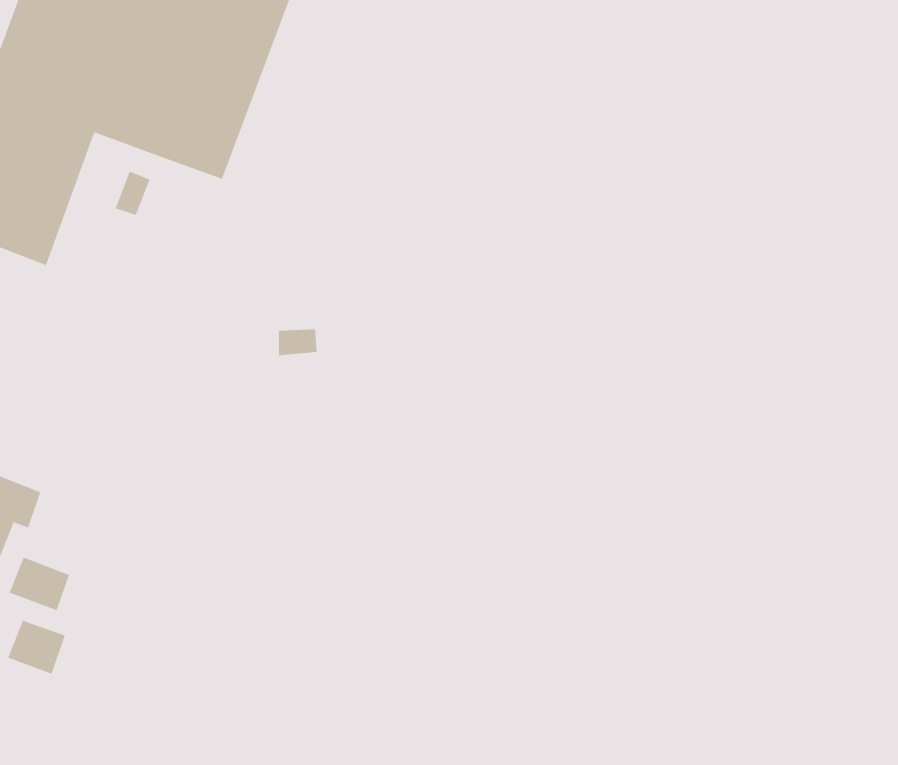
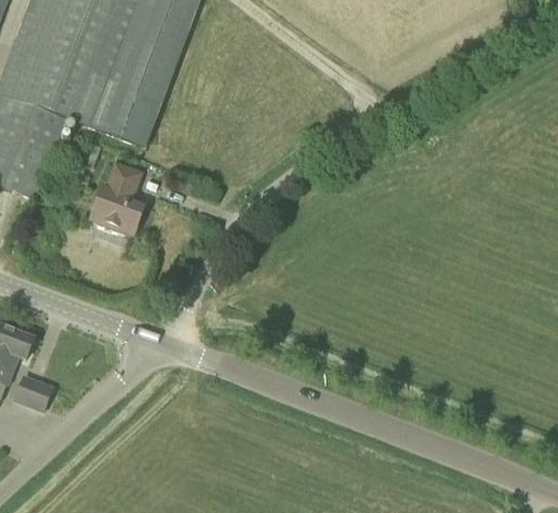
building: none -> [89,161,144,233]
building: [8,620,66,674] -> none

